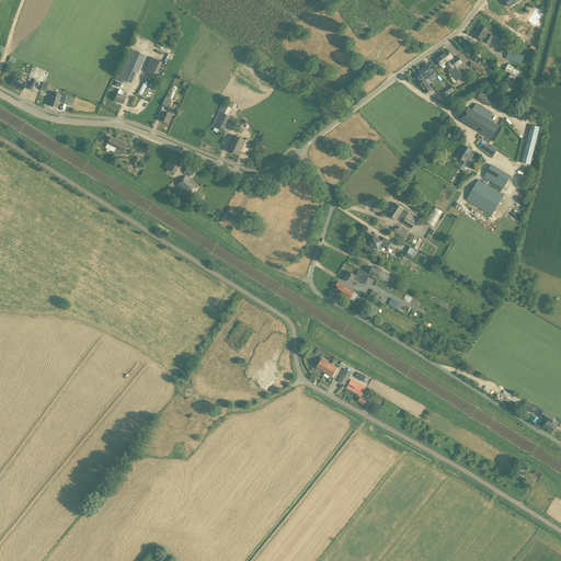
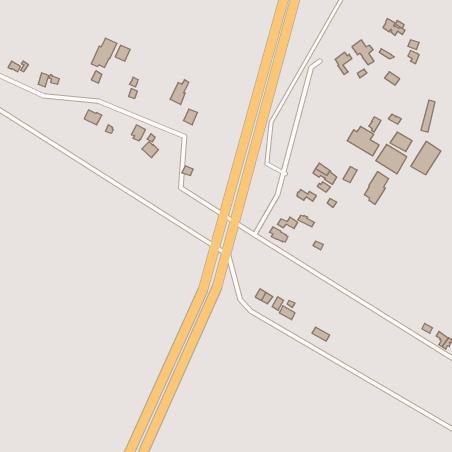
building: [459,102,499,138] -> [347,126,379,156]
building: none -> [411,141,441,175]
building: none -> [364,172,389,204]

